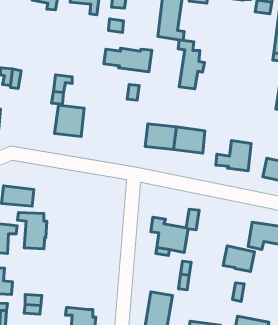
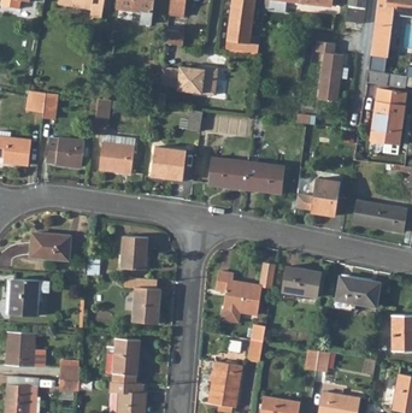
building: [178,40,205,89] -> [314,41,347,101]
building: none -> [46,137,84,167]
building: none -> [151,147,184,181]
building: none -> [122,232,149,270]
building: [17,212,47,249] -> [125,278,161,323]
building: [223,246,255,271] -> [282,266,320,297]
building: none -> [114,338,141,385]

